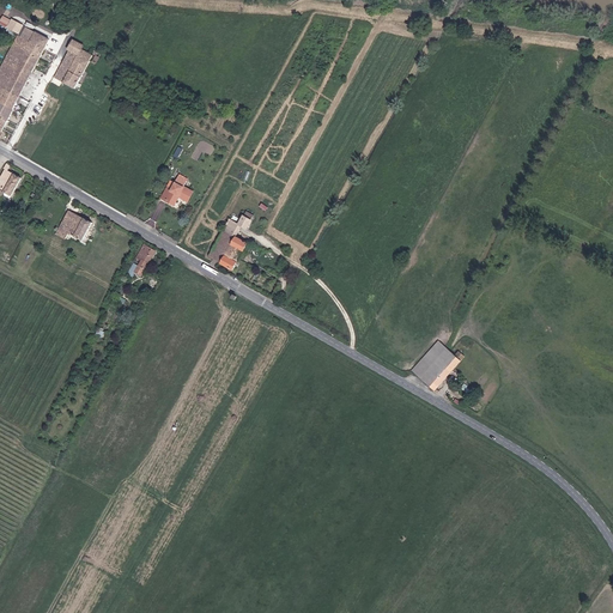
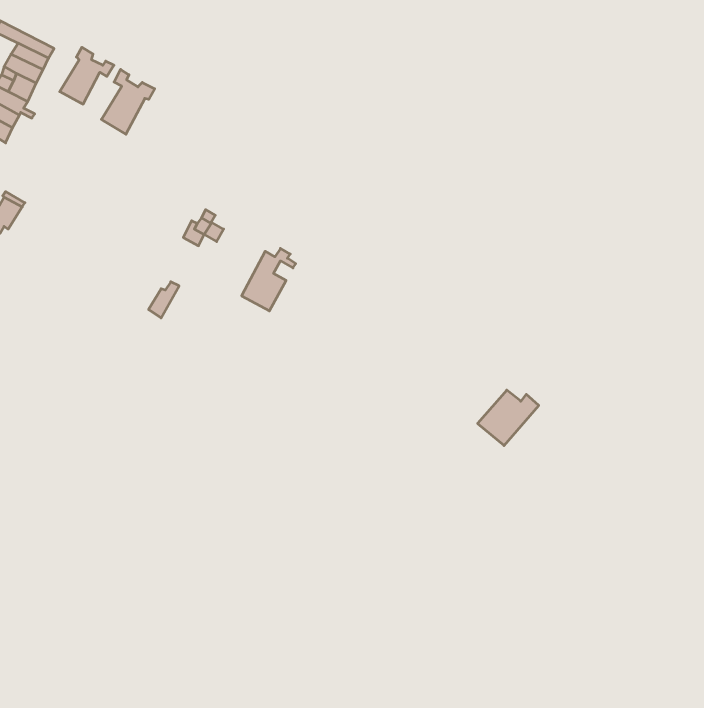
building: none -> [101,69,155,134]
building: [55,208,90,238] -> none

